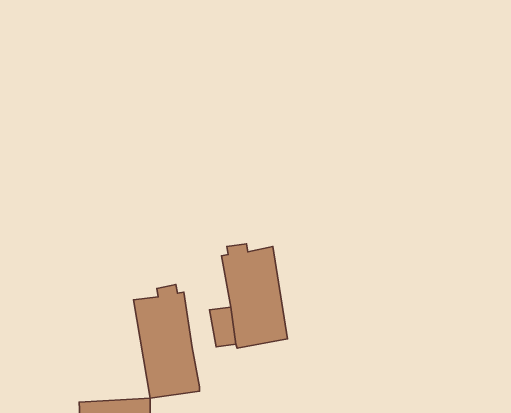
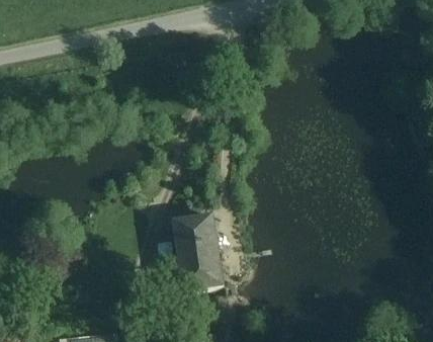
building: [133,285,199,398] -> none

